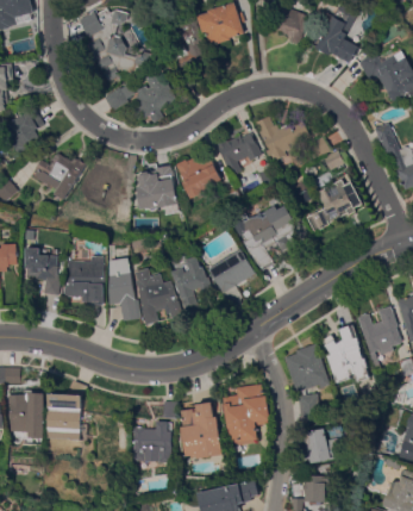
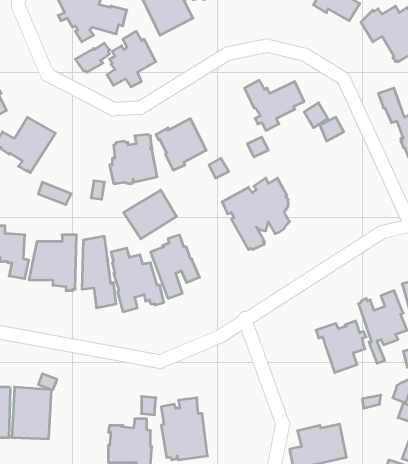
building: [215,133,261,172] -> none
building: [81,166,119,197] -> none
building: [307,180,361,233] -> none
building: [207,249,255,293] -> [124,190,177,239]
building: [283,343,330,420] -> none
building: [221,384,270,443] -> none

